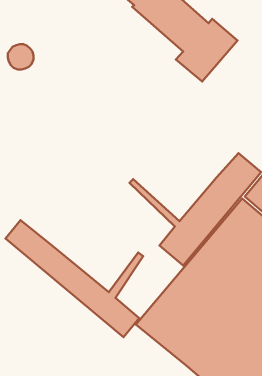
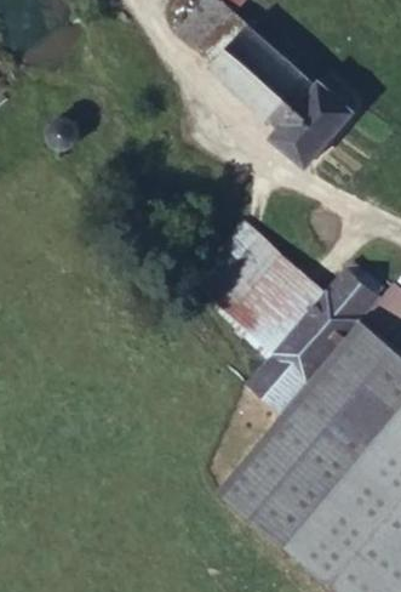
building: none -> [197,226,327,354]
building: [5,220,143,337] -> none

